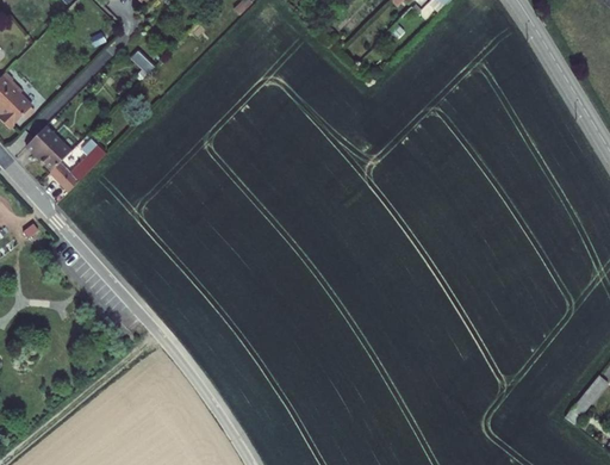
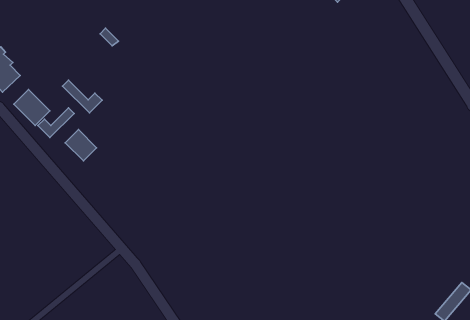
building: none -> [63,80,102,113]
building: none -> [65,130,97,161]

